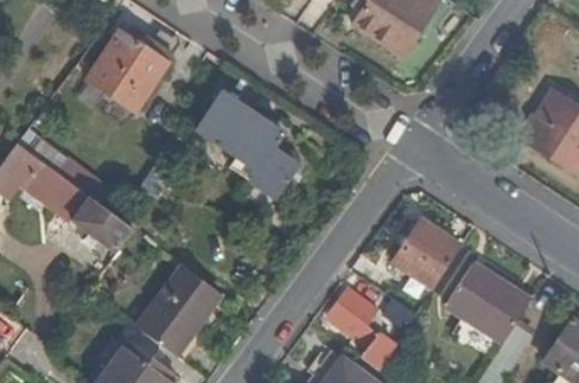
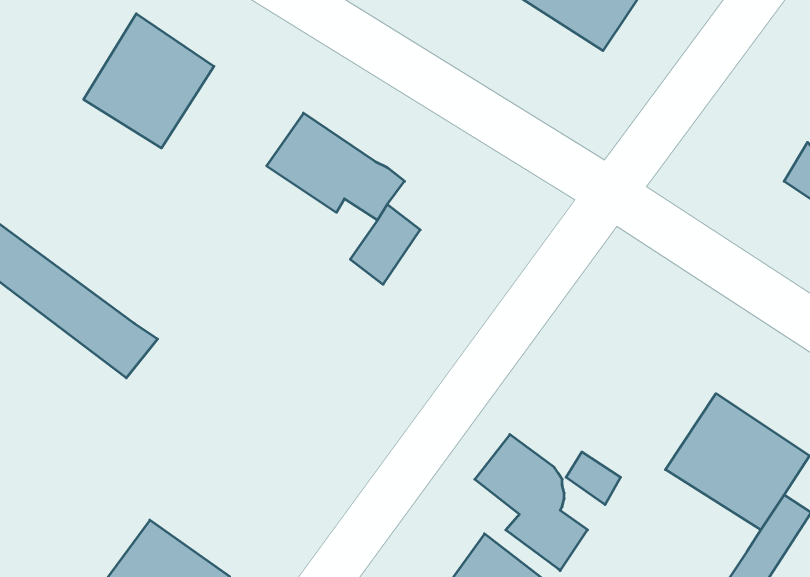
building: [196,123,268,180] -> none
building: [394,218,462,287] -> none
building: [138,264,222,355] -> none

